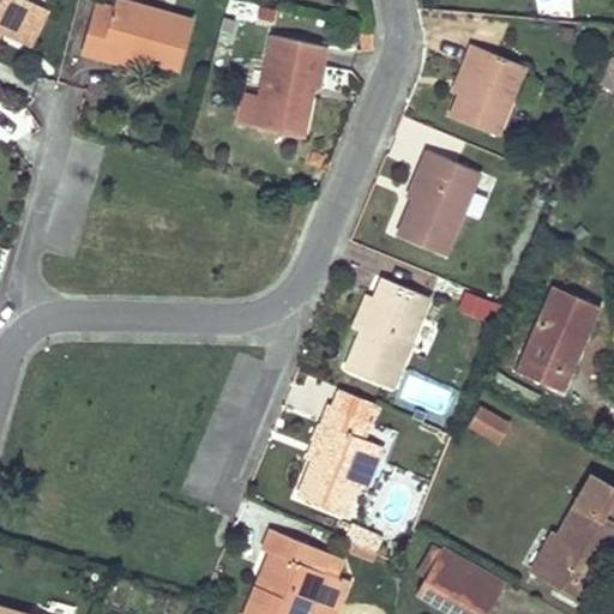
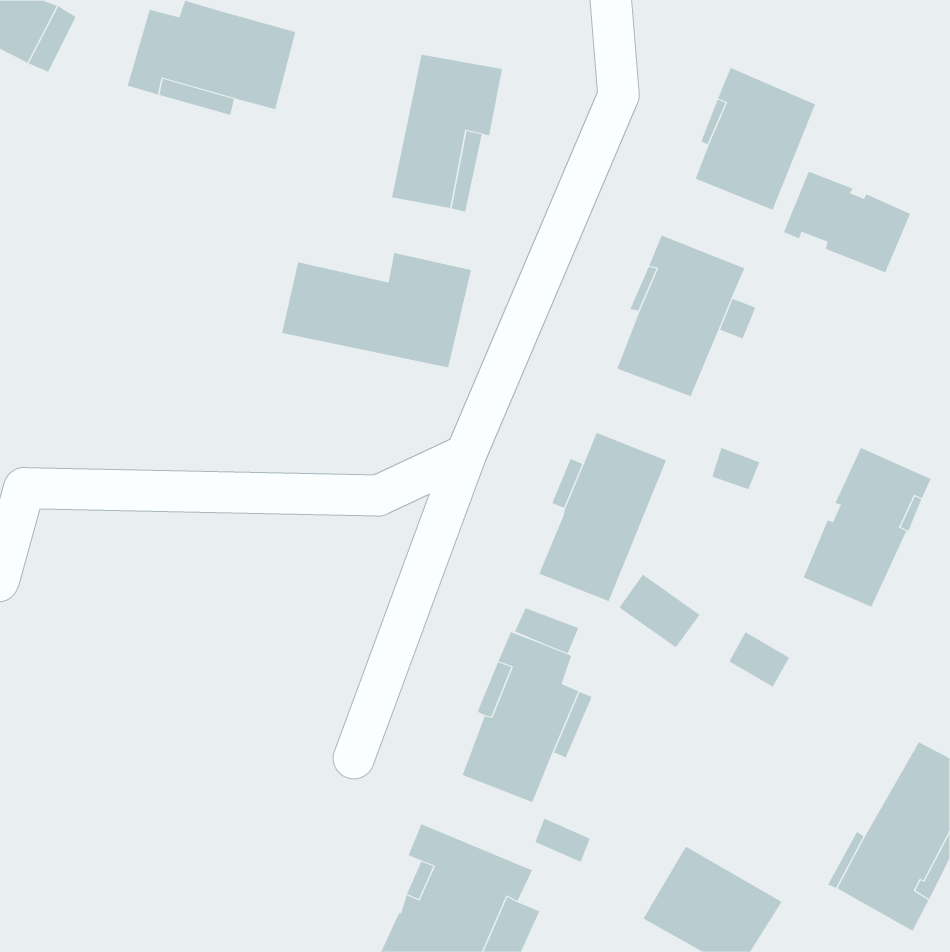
building: none -> [783,171,911,273]
building: none -> [281,252,471,368]

